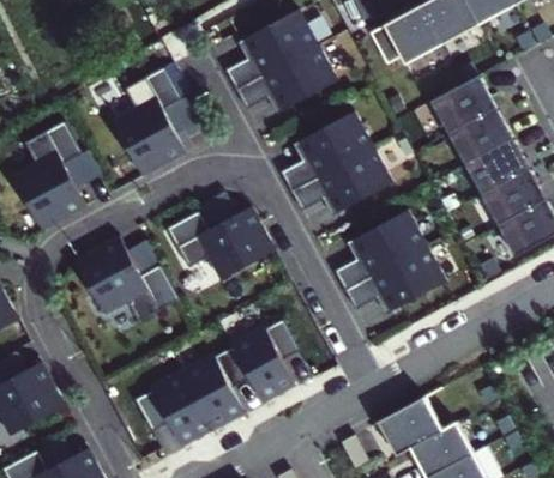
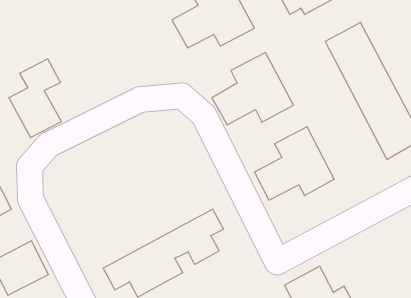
building: [127,68,194,173] -> none
building: [167,207,275,279] -> none
building: [73,237,173,319] -> none

